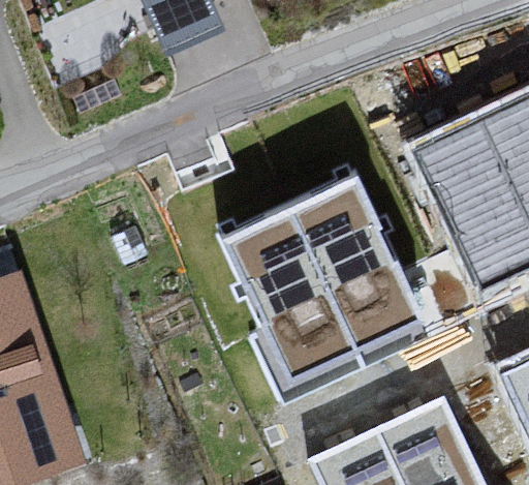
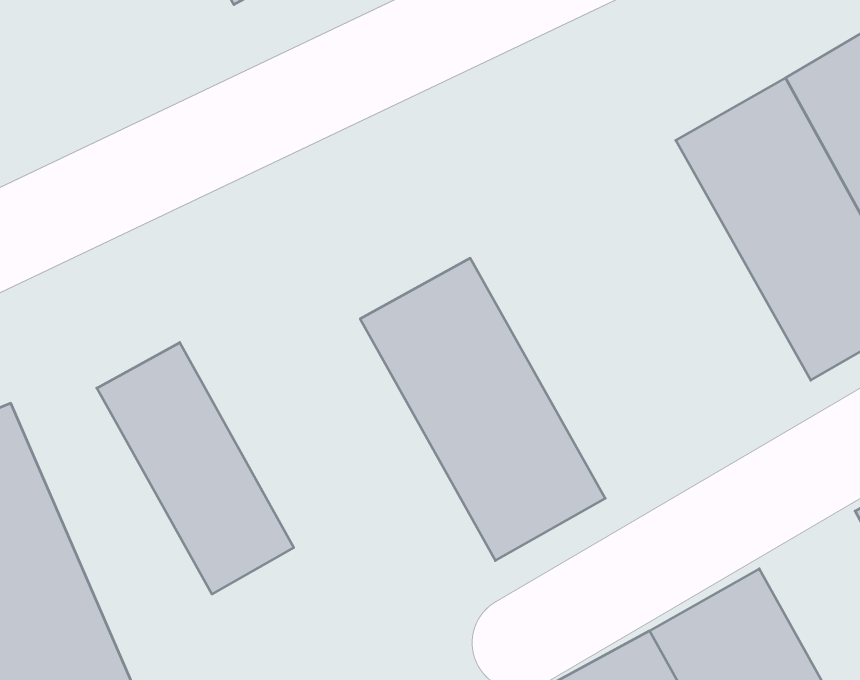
building: [290,175,425,351] -> none
building: none -> [97,342,294,594]

